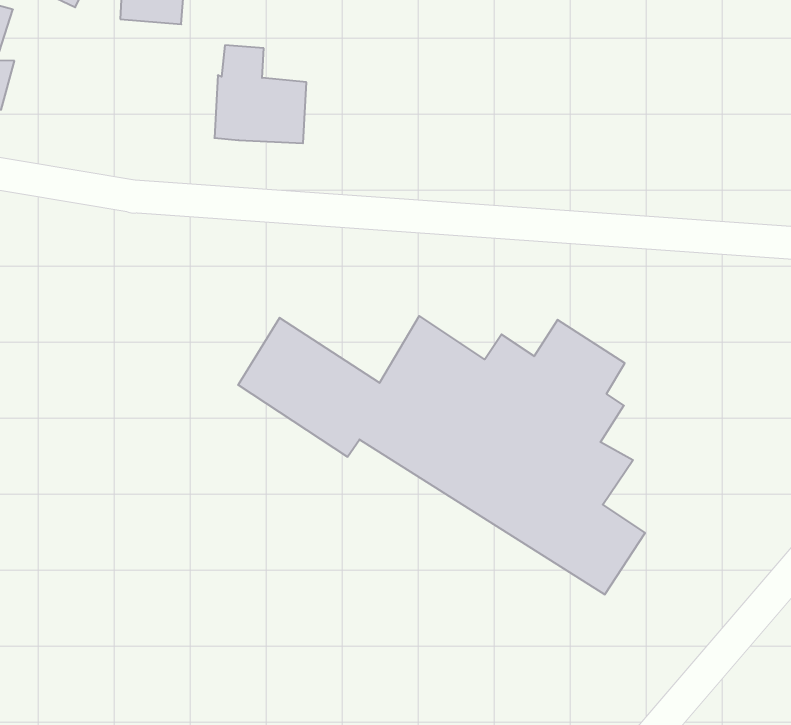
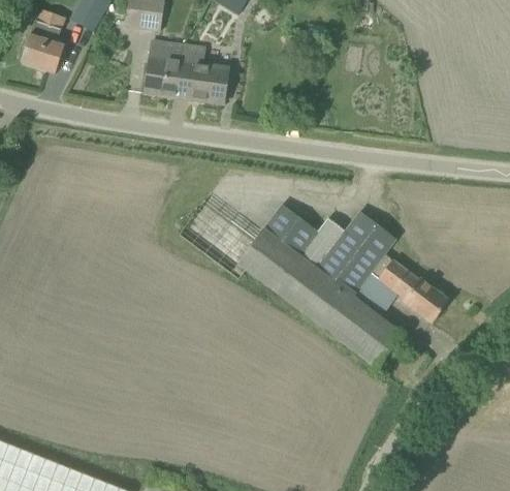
building: none -> [144,39,183,96]
building: none -> [379,262,447,321]

